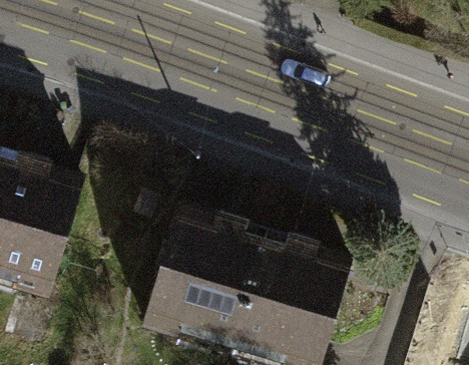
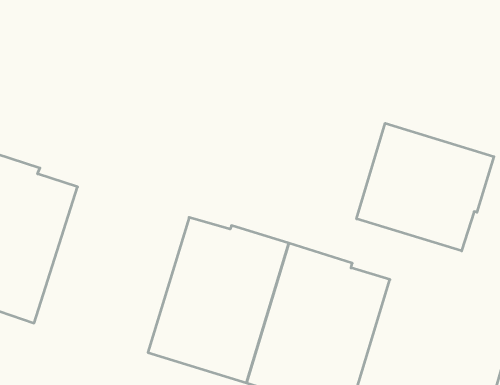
building: none -> [357,123,494,251]

